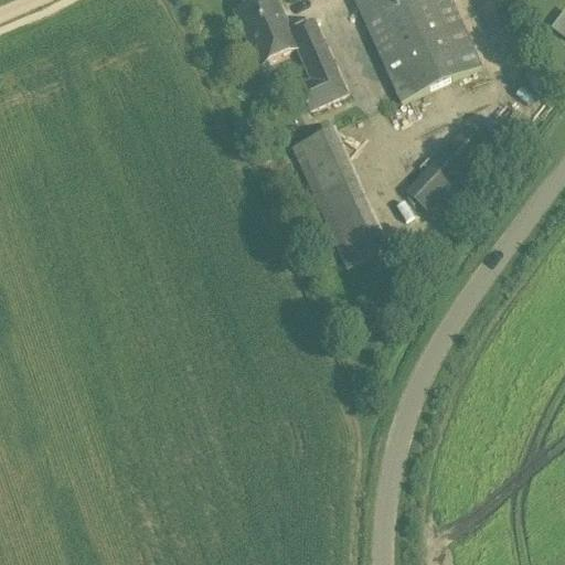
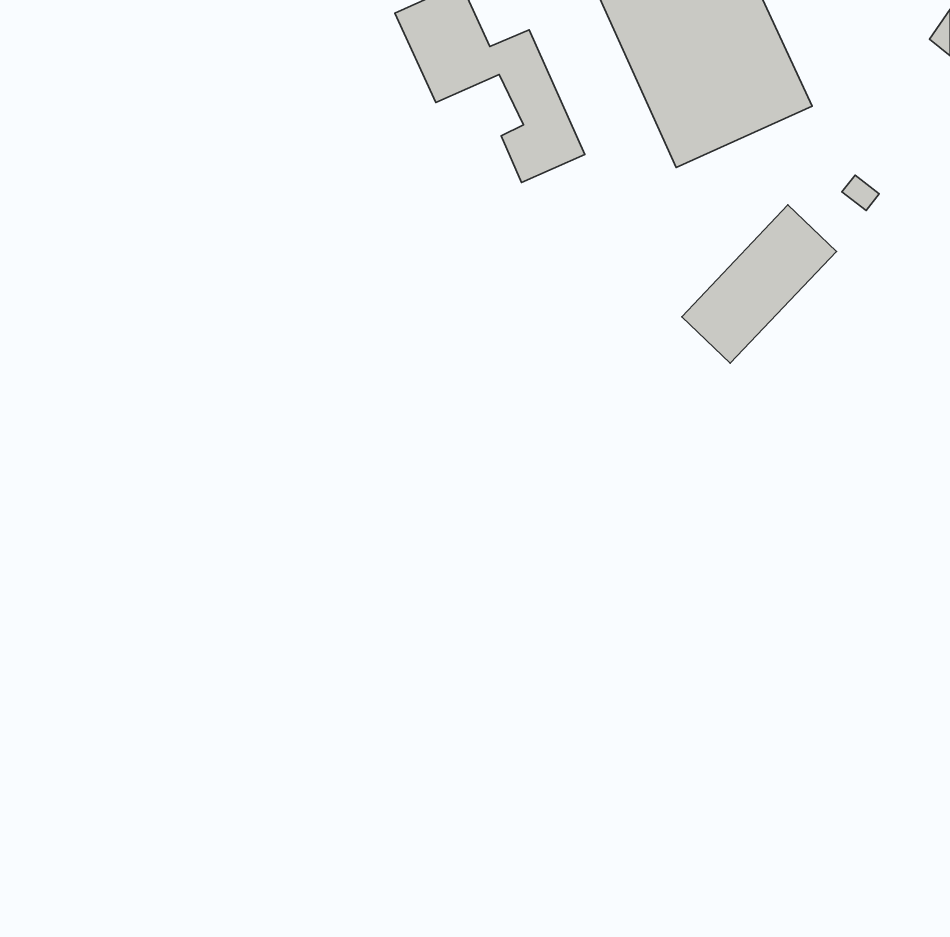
building: [290,124,390,266] -> none

